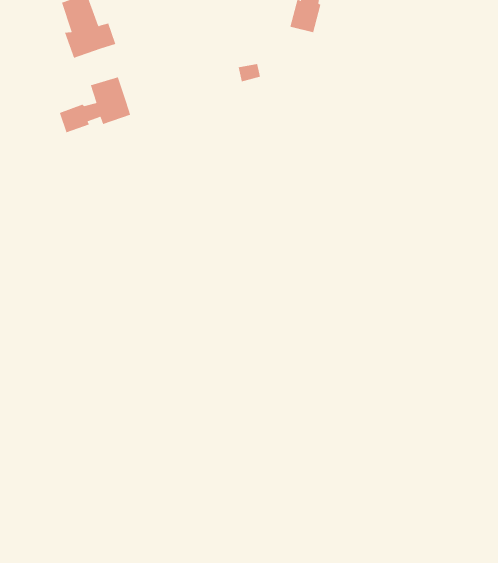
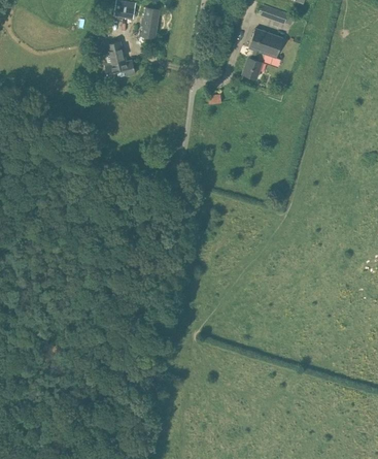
building: [59,76,131,133] -> none

